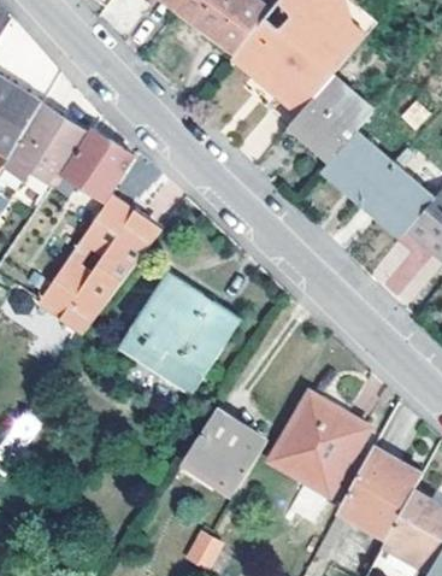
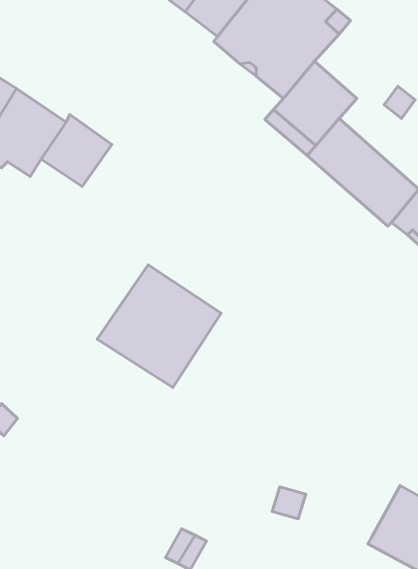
building: [41,196,159,330] -> none
building: [271,390,370,493] -> none
building: [183,409,266,493] -> none
building: [337,447,420,539] -> none

